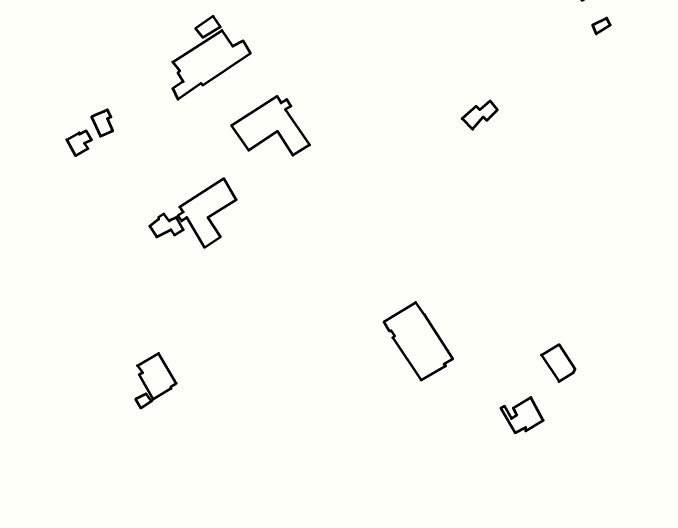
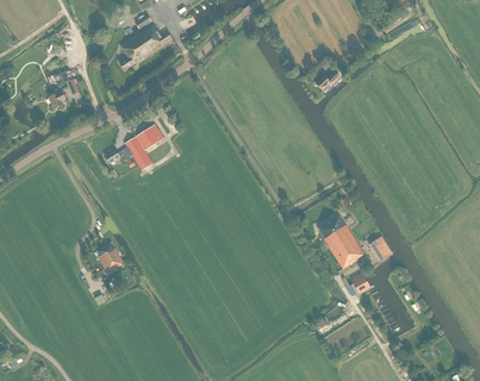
building: [232,96,310,155] -> none
building: [384,302,453,380] -> [318,216,364,268]

